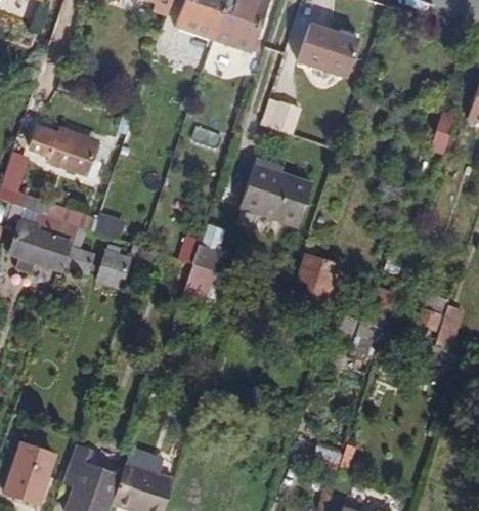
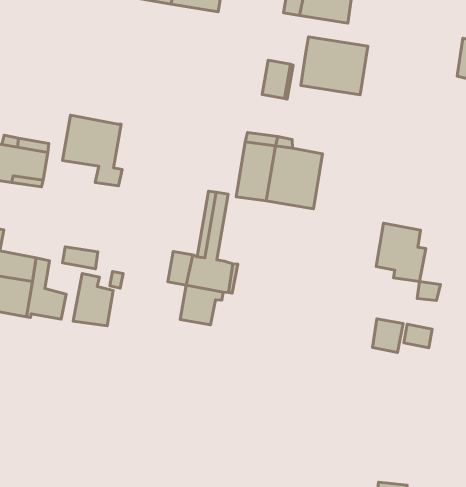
building: none -> [301,37,368,95]
building: none -> [62,115,122,186]
building: [299,262,341,313] -> [376,223,426,281]

